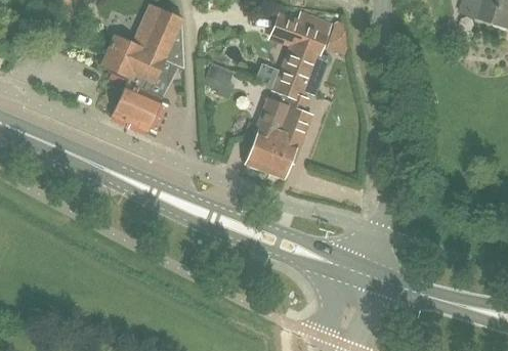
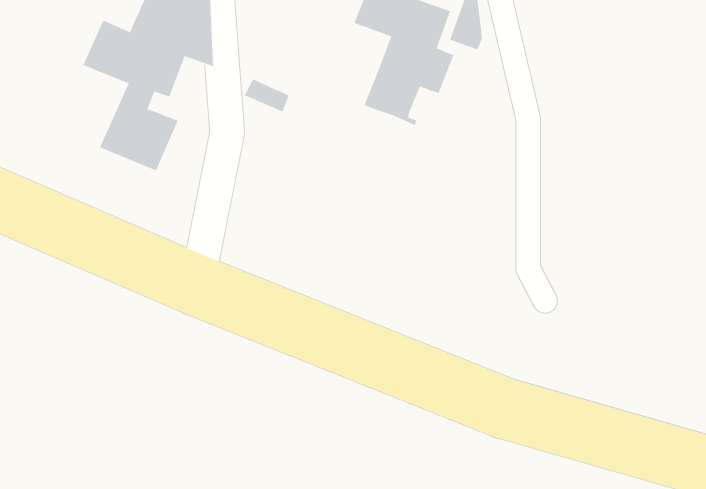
building: [244,95,330,179] -> none

